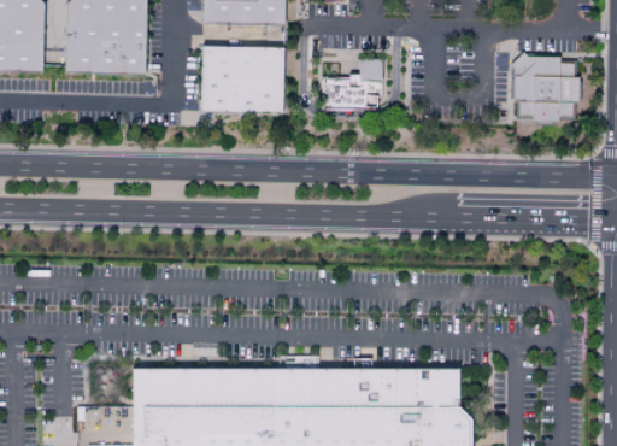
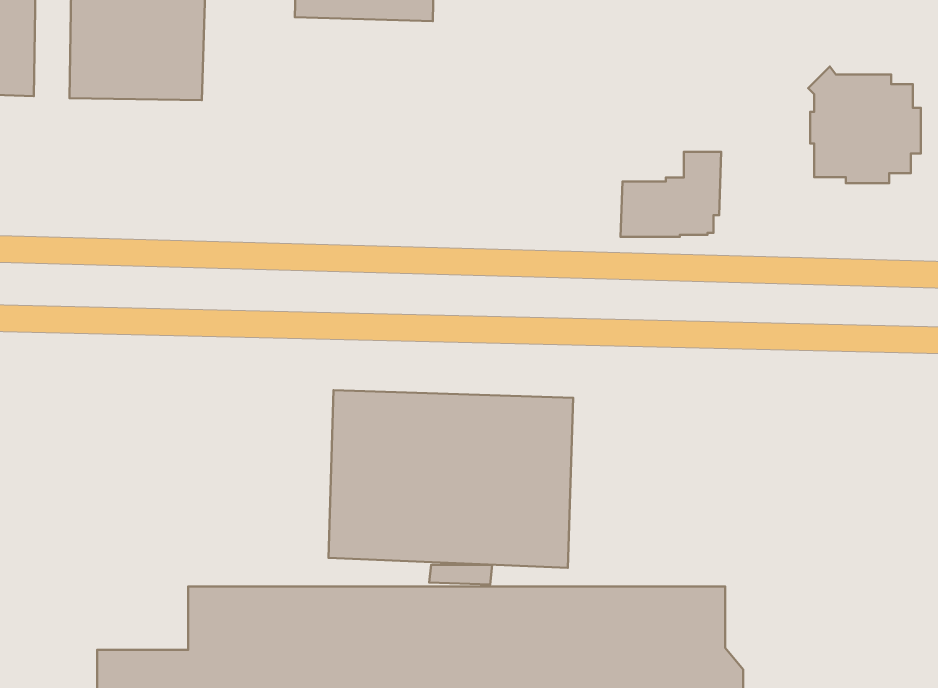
building: [199,46,283,113] -> none
building: [324,60,386,112] -> [621,152,721,237]
building: none -> [328,390,573,568]

